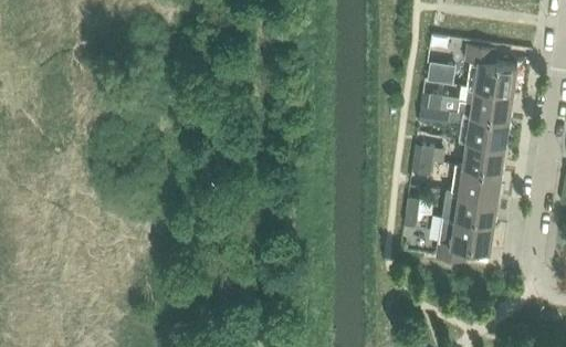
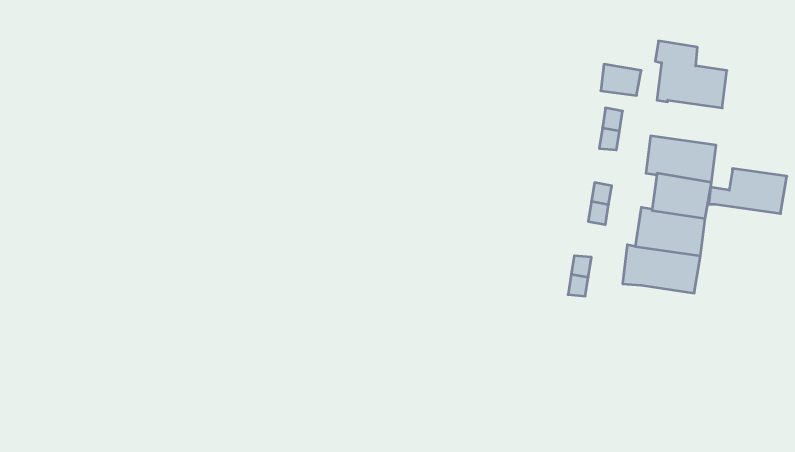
building: [458,87,513,119] -> [709,169,787,214]
building: [437,218,493,261] -> none

